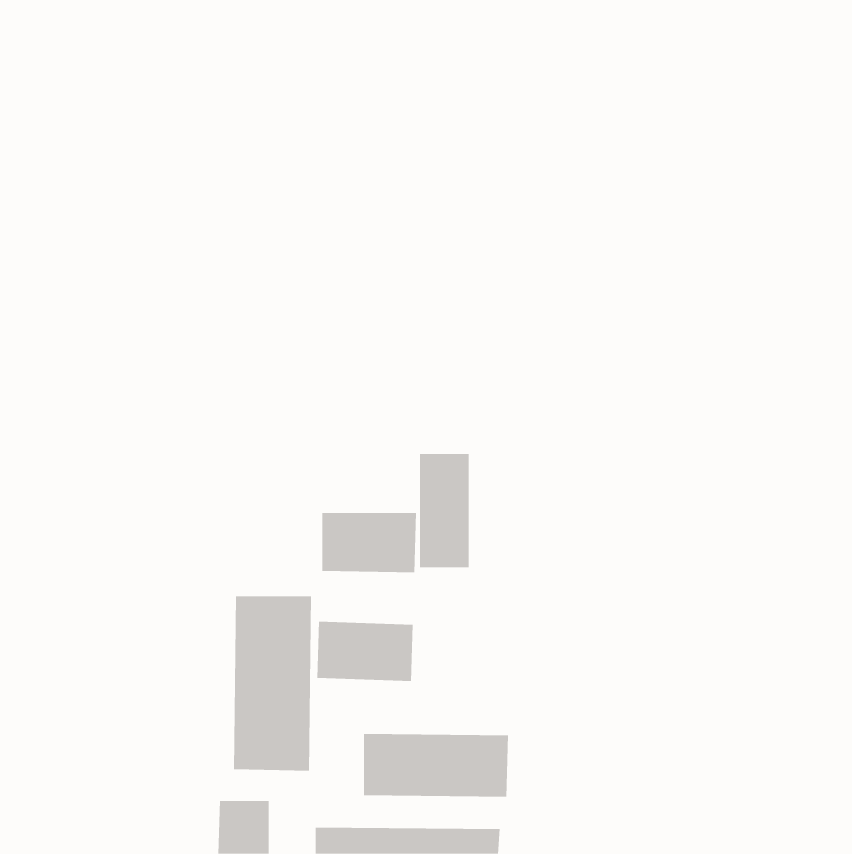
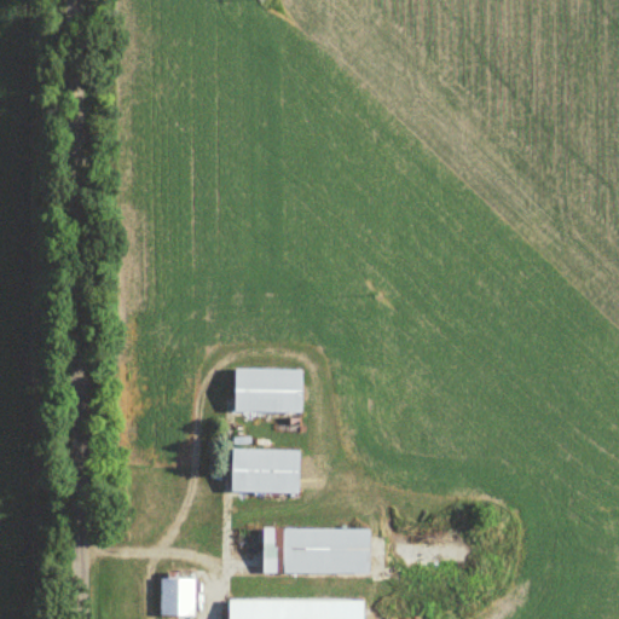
building: [420,453,469,568] -> none
building: [234,596,311,771] -> none

